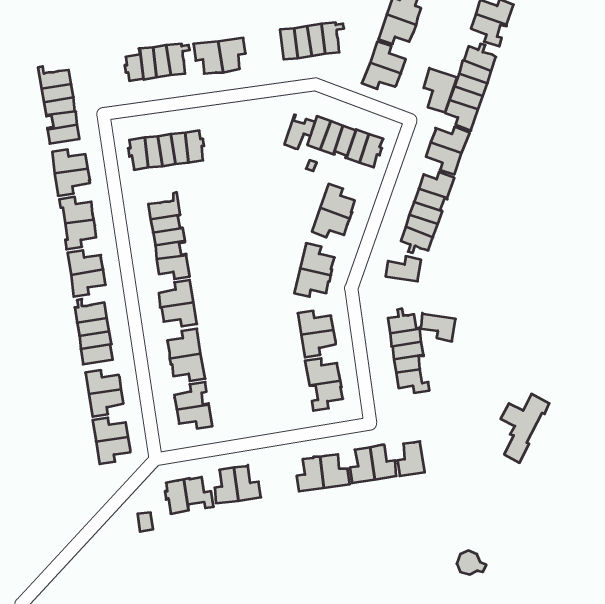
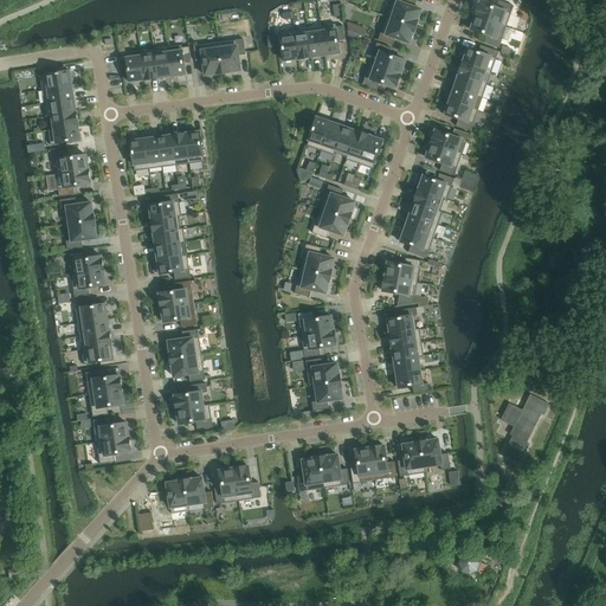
building: [424,68,457,113] -> none
building: [285,115,315,149] -> none
building: [420,313,456,341] -> [381,275,417,303]
building: none -> [419,438,450,471]

